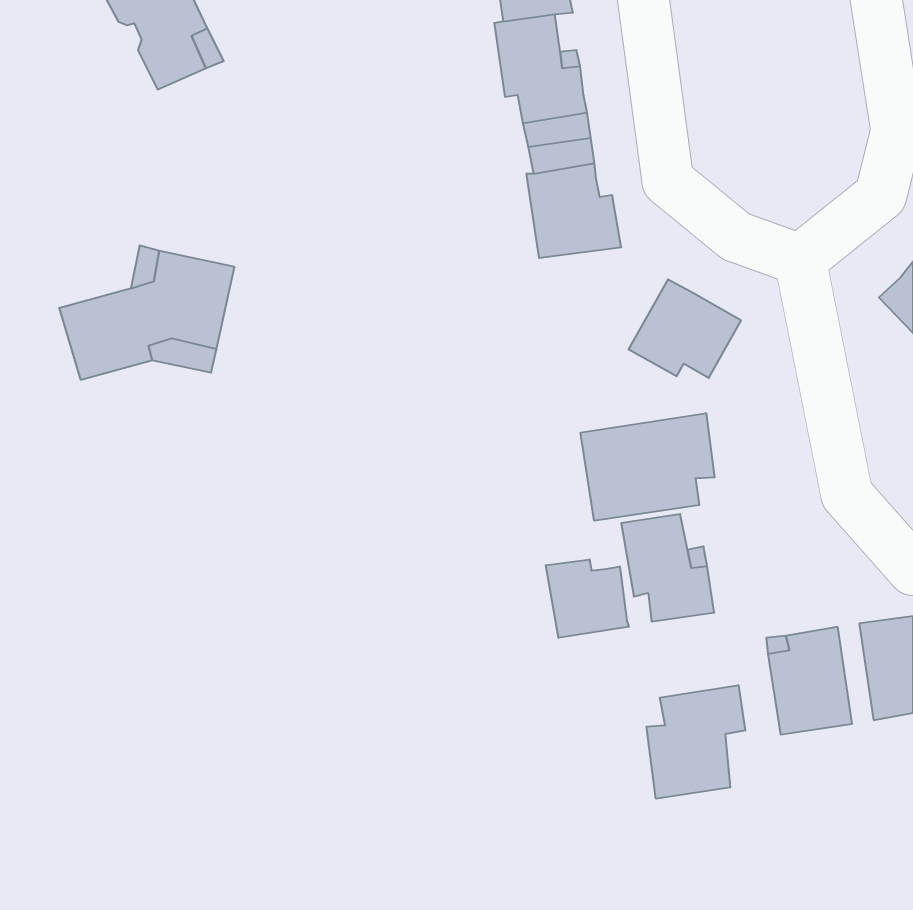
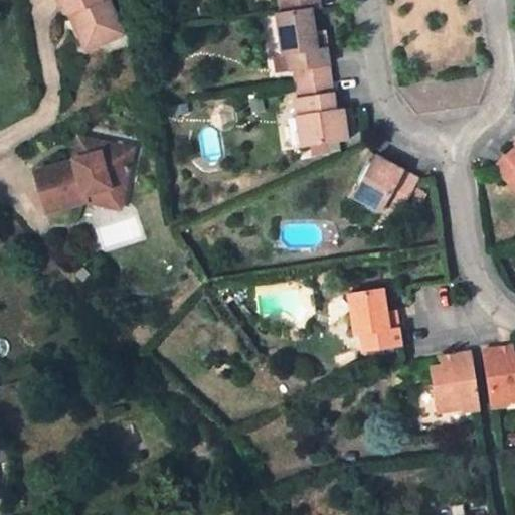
building: [581,413,715,521] -> none
building: [546,559,629,638] -> none
building: [647,685,745,799] -> none

